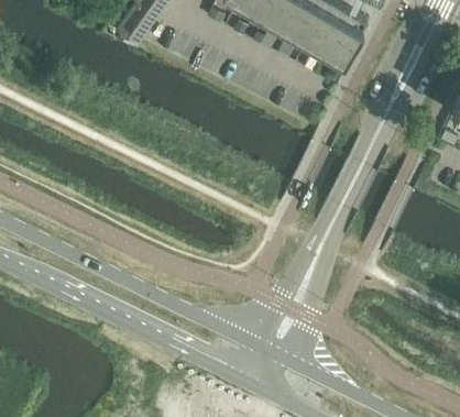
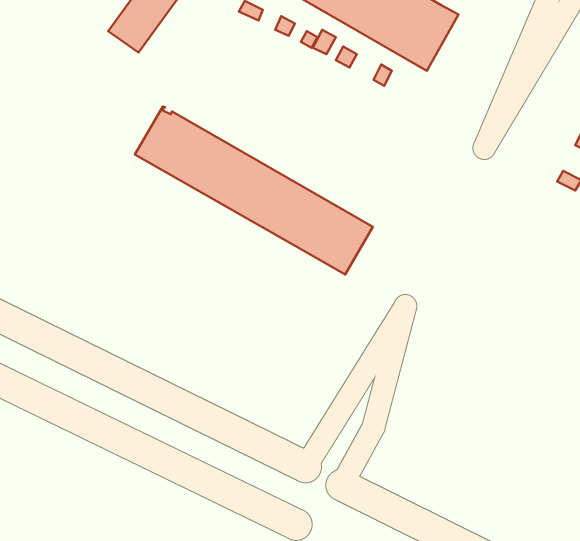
building: none -> [135,106,373,275]

